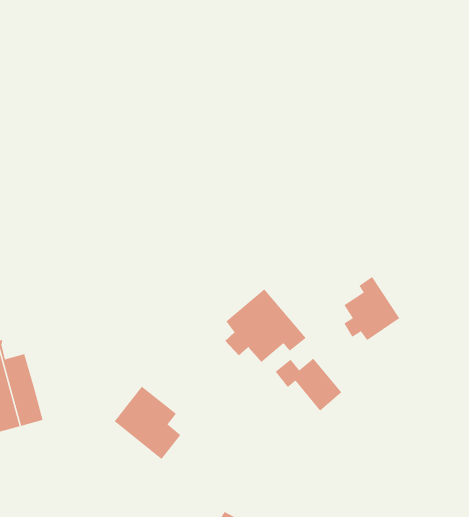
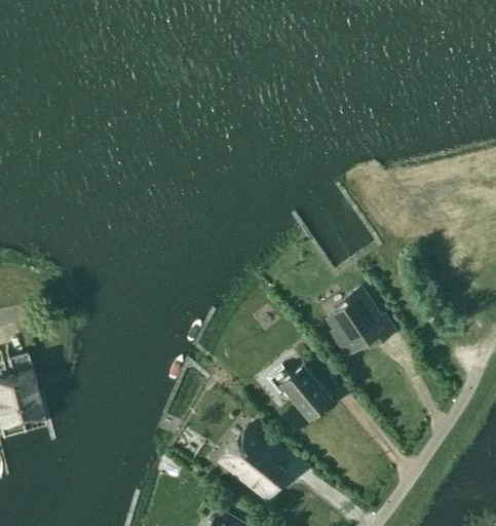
building: [225,289,306,363] -> none
building: [114,386,181,460] -> [221,429,285,500]

